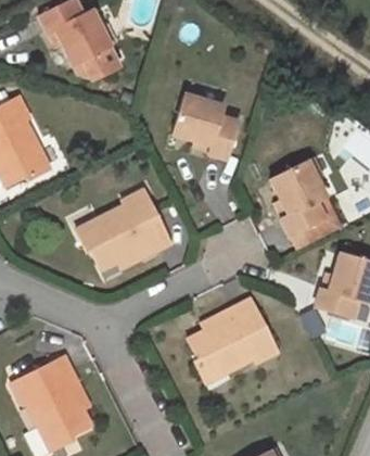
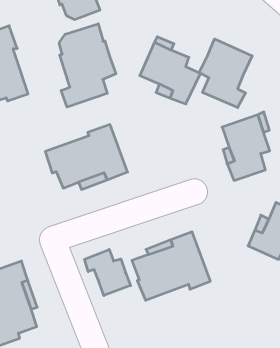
building: none -> [59,24,116,107]
building: none -> [199,39,252,108]
building: none -> [85,249,131,296]

